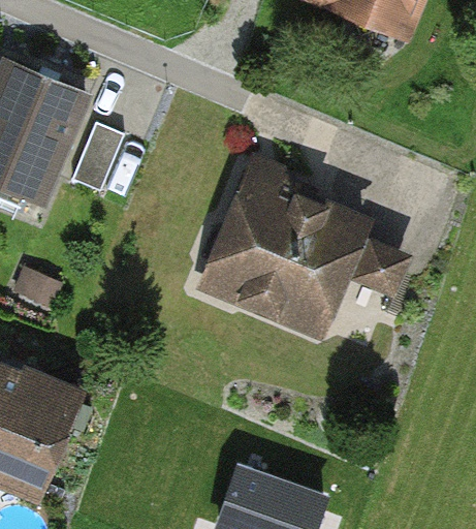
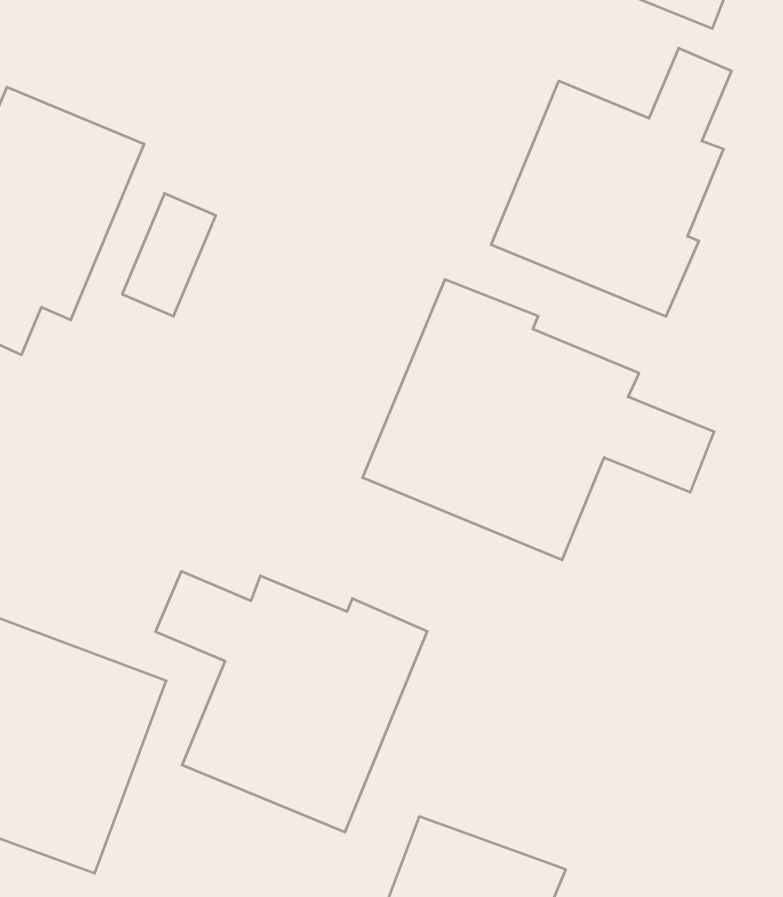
building: none -> [491,48,731,316]
building: none -> [156,571,427,832]

